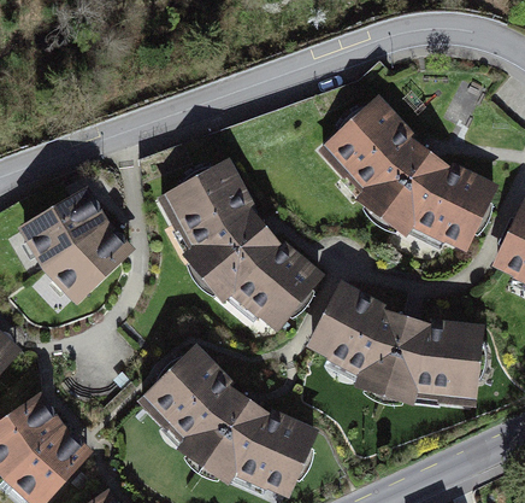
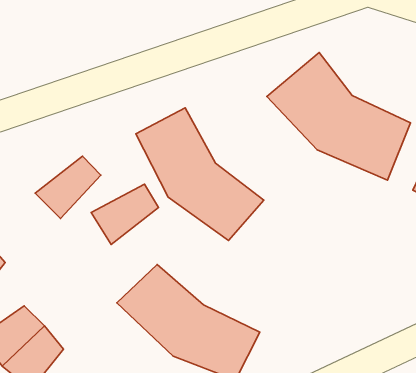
building: [22,195,102,268] -> [91,184,159,245]
building: [308,288,482,402] -> none

